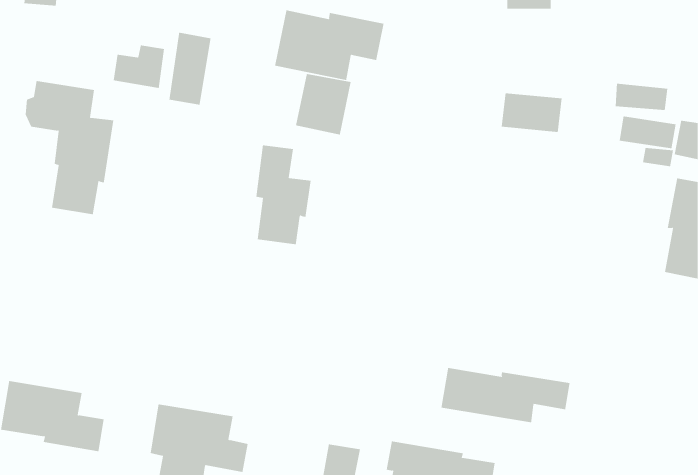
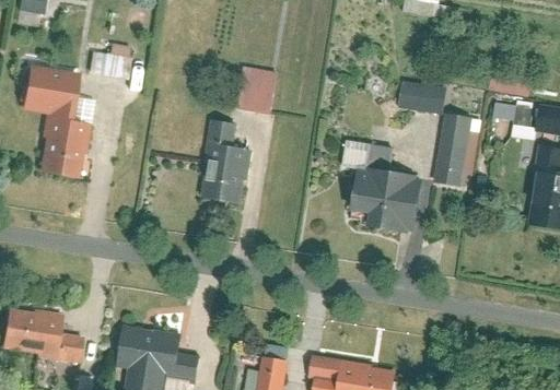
building: [274,9,384,81] -> none
building: [169,32,211,106] -> none
building: none -> [434,108,483,186]
building: none -> [343,140,417,228]
building: [441,367,570,423] -> none

